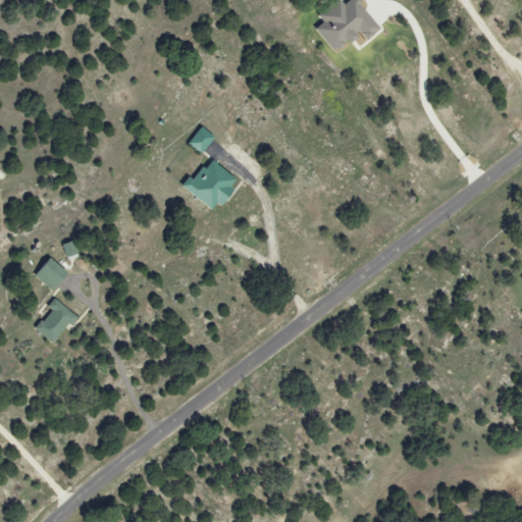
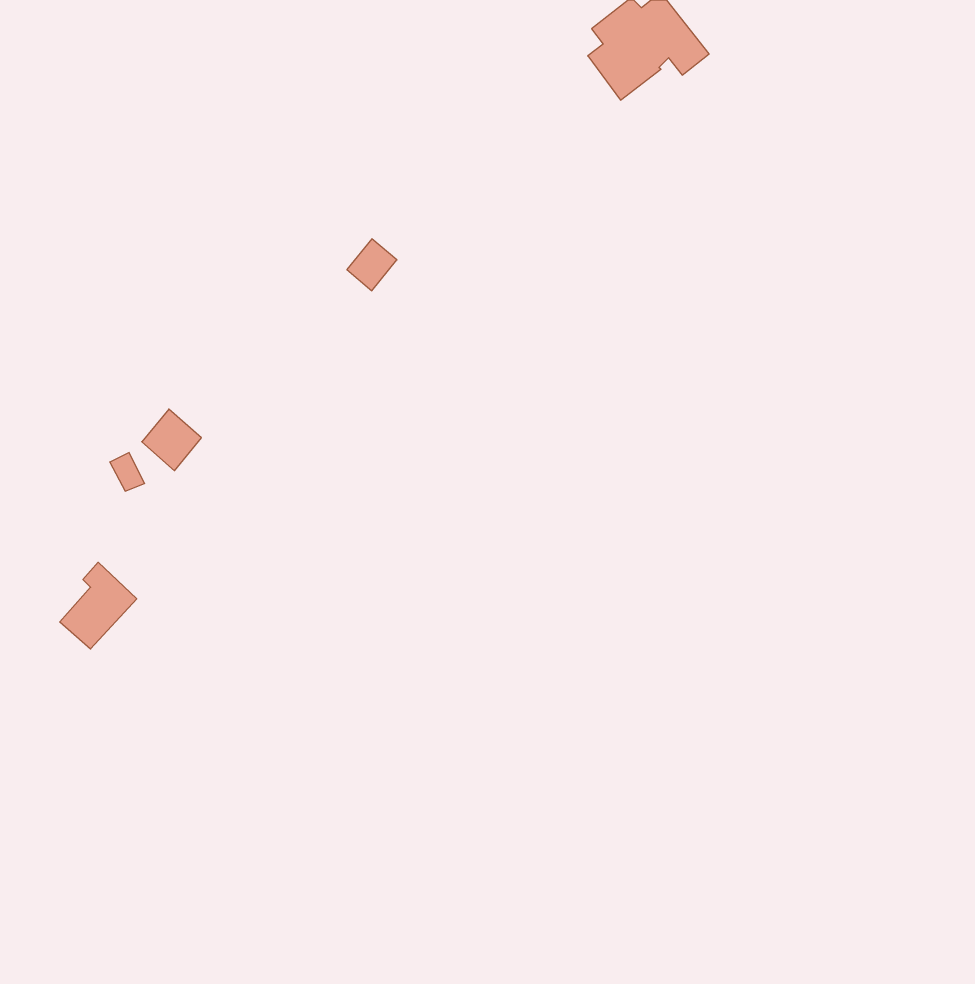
building: [181,159,238,211] -> none
building: [36,257,67,290] -> [142,409,201,471]

